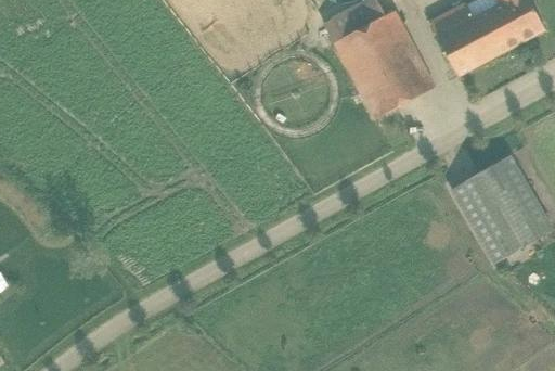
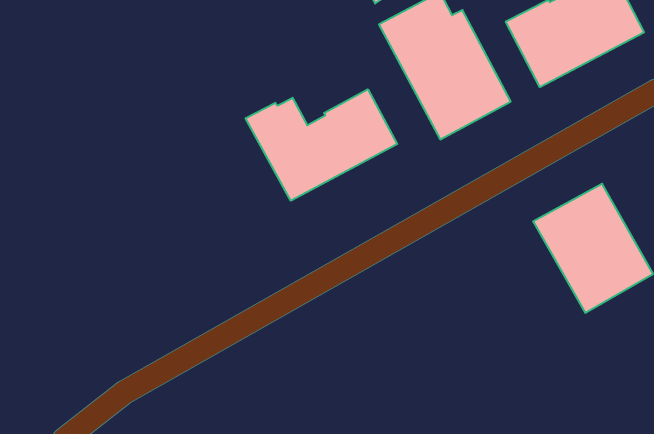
building: none -> [246,89,397,201]

